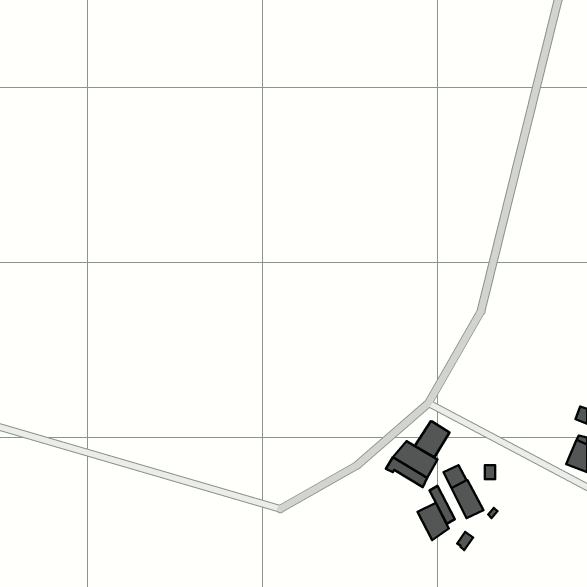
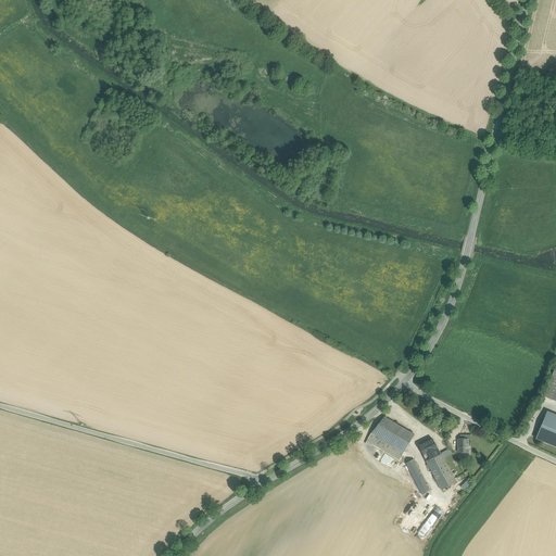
building: [415,421,449,457] -> none
building: [418,503,449,540] -> none

